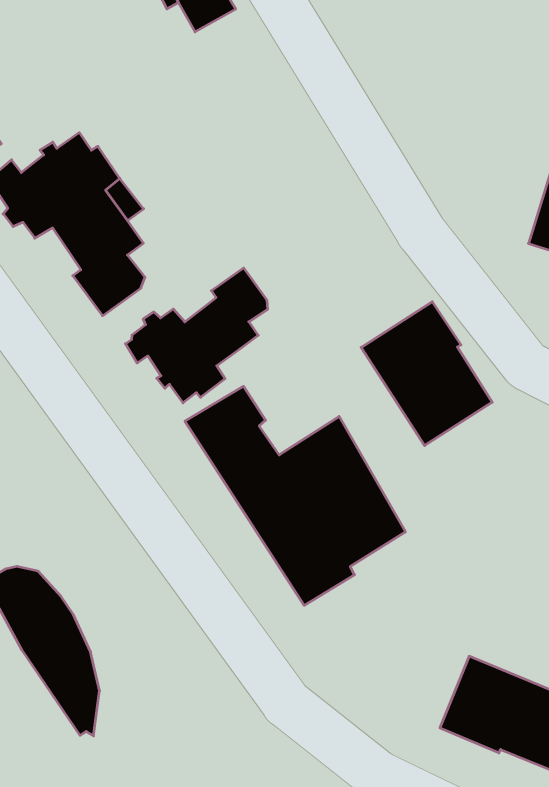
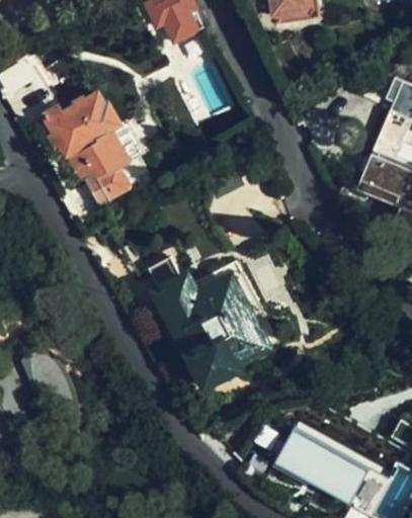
building: [125,268,267,403] -> none
building: [361,302,492,446] -> none

